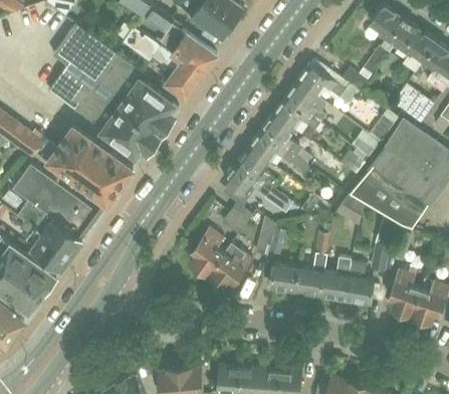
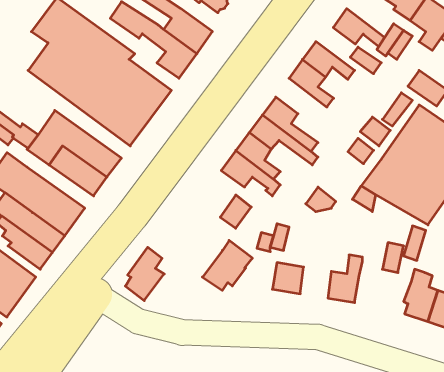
building: [273,96,319,131] -> [333,9,384,46]
building: [190,228,225,276] -> [125,247,164,301]
building: [295,231,329,296] -> none
building: [345,262,374,304] -> none

